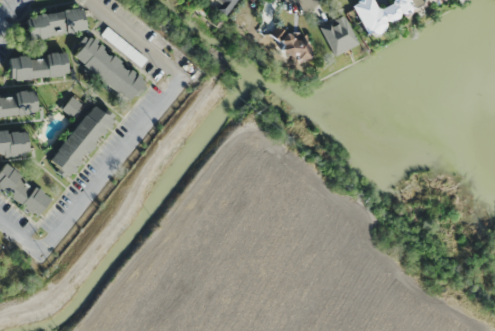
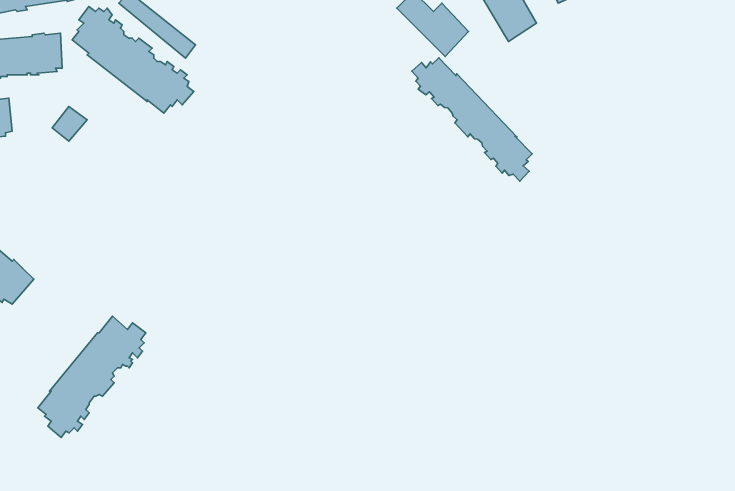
building: none -> [412,58,532,181]
building: [50,105,115,178] -> [38,316,146,438]

